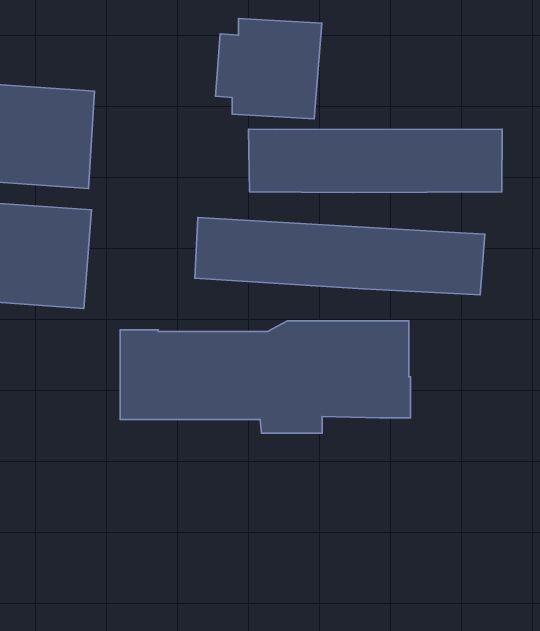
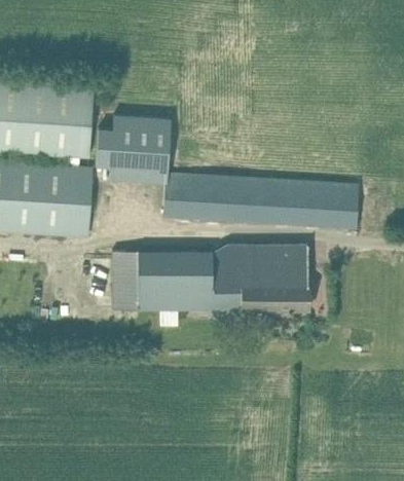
building: [216,19,322,119] -> [97,113,169,181]
building: [248,129,502,193] -> none

